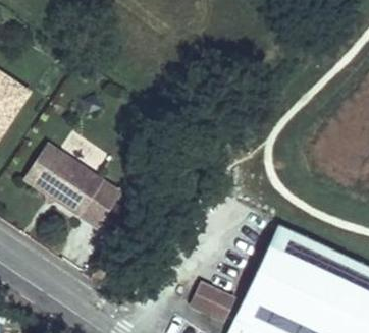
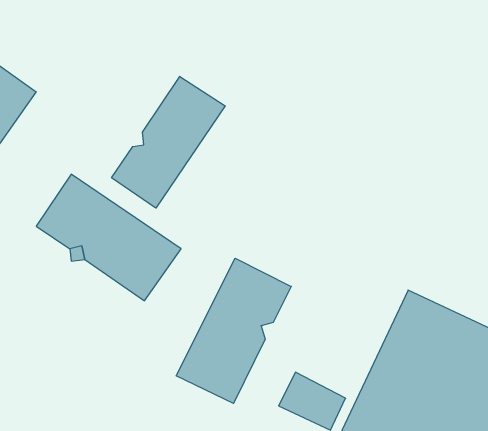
building: none -> [112,76,225,208]
building: none -> [176,258,291,403]

